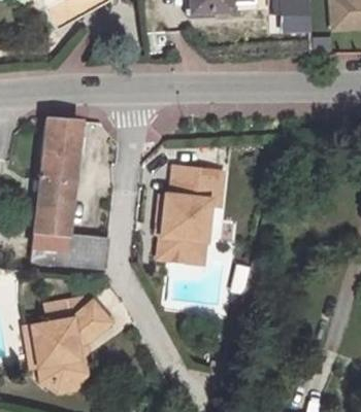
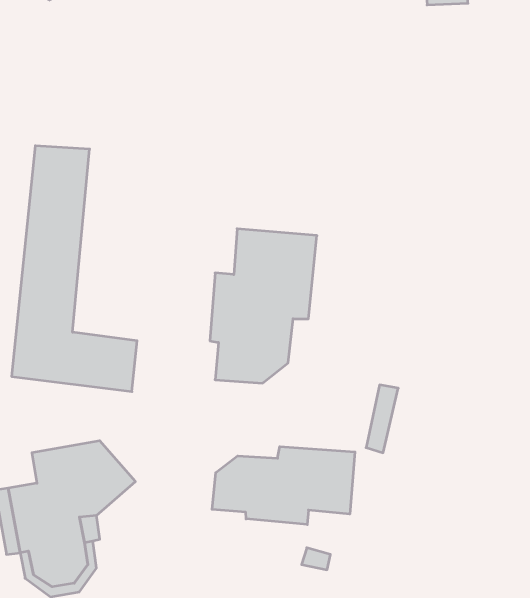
building: none -> [212,447,355,525]

